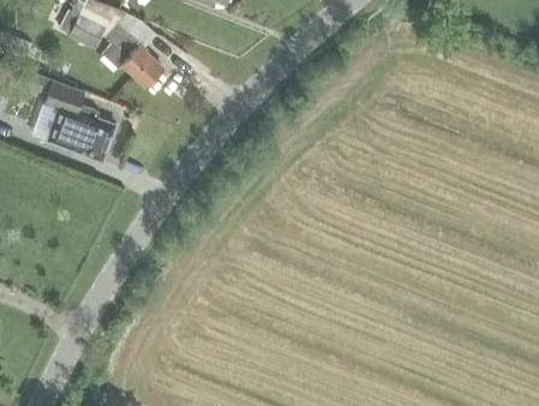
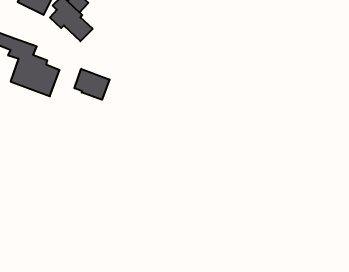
building: none -> [74,69,110,100]

